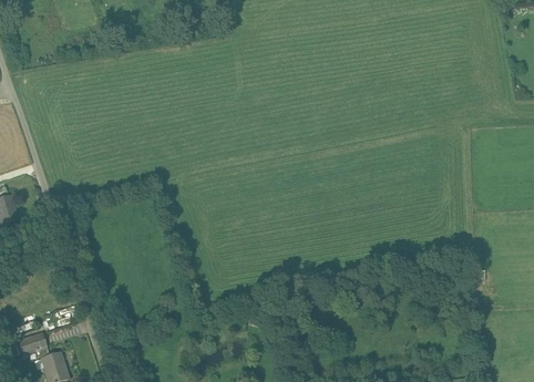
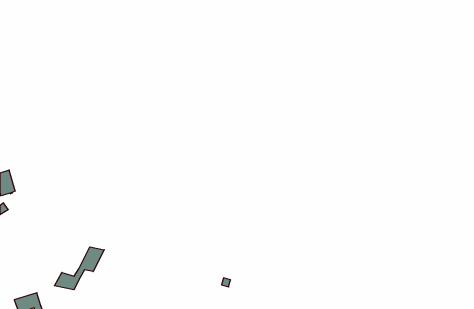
building: none -> [54,247,104,290]

